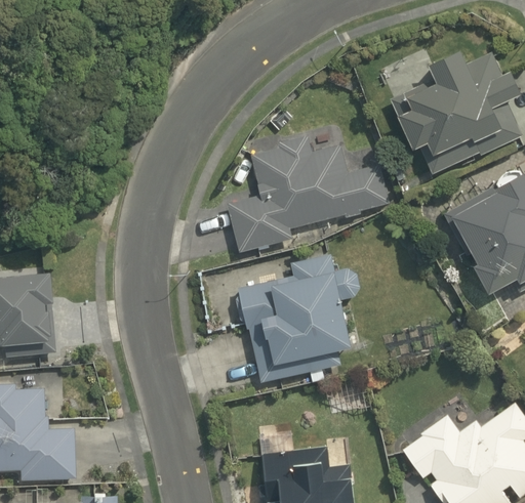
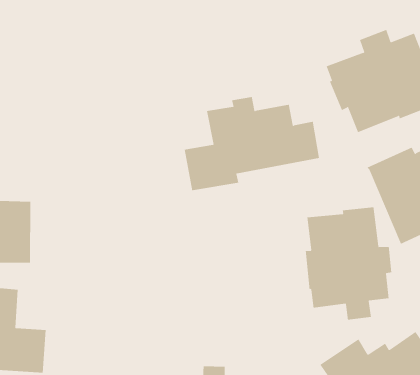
building: [234,258,360,383] -> none
building: none -> [305,206,392,321]

